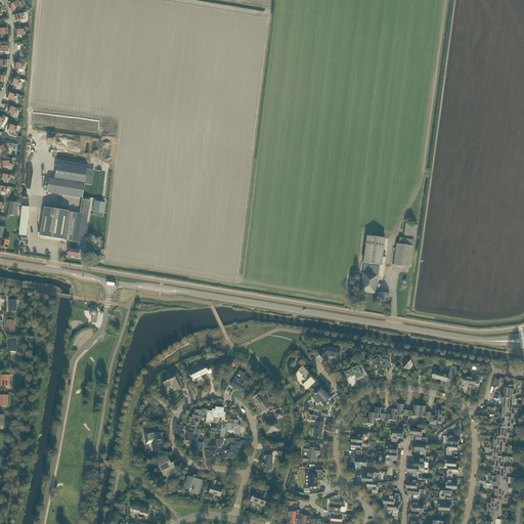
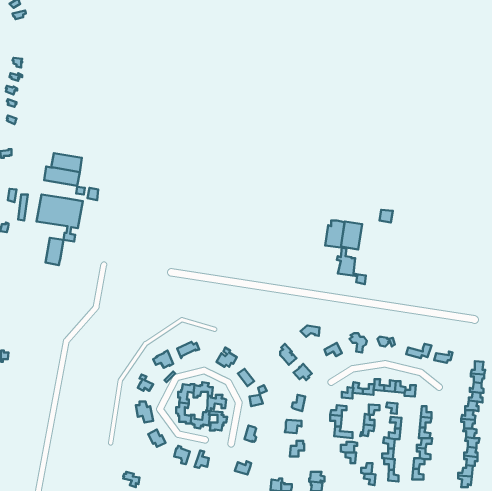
building: [393,237,413,266] -> [325,220,345,247]
building: none -> [46,238,64,265]

